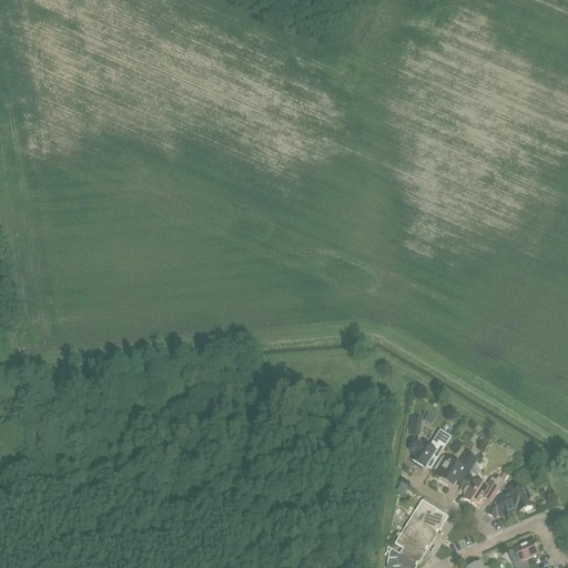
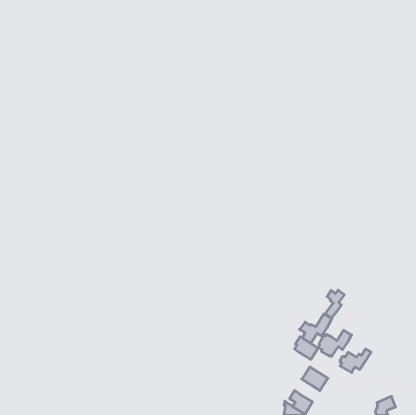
building: none -> [325,290,344,318]
building: [486,486,531,518] -> none
building: [403,516,435,547] -> [295,337,318,359]

